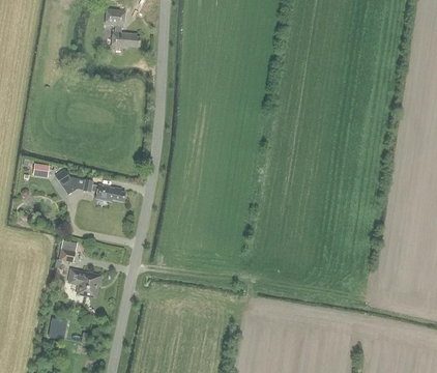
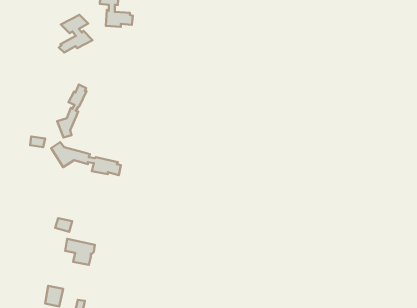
building: none -> [59,15,93,52]
building: none -> [57,84,87,137]

